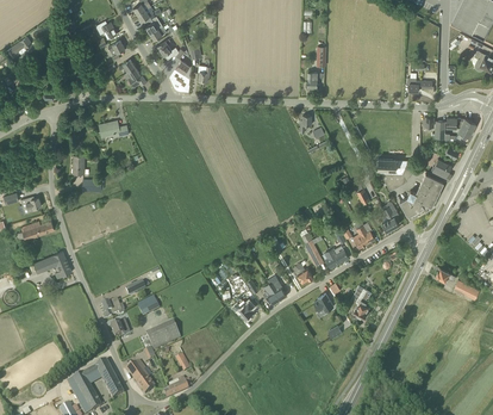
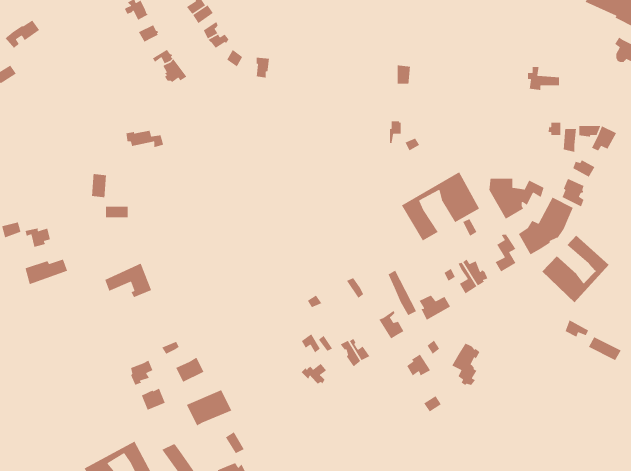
building: none -> [401,171,480,242]
building: none -> [542,235,609,303]
building: [35,250,71,278] -> [104,262,152,298]

